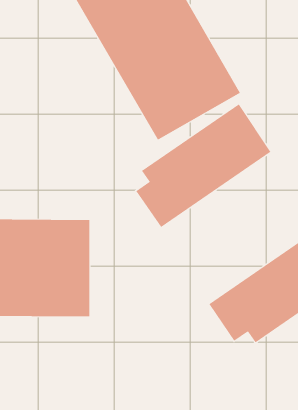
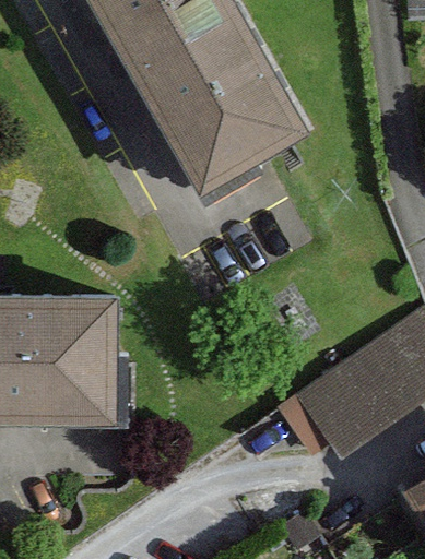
building: [135,104,271,228] -> none

